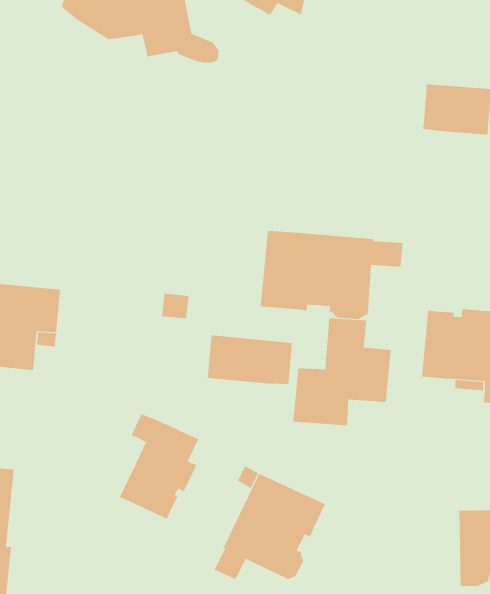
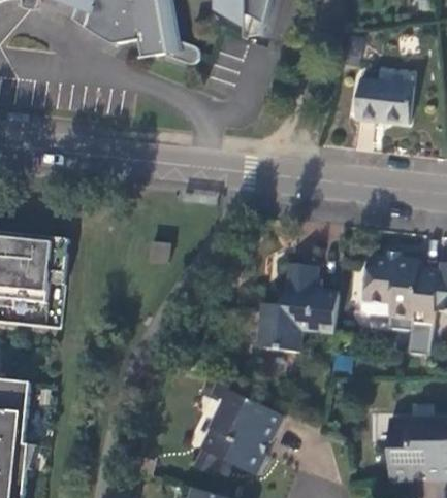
building: [260,230,403,320] -> none
building: [207,335,293,385] -> none
building: [119,413,199,520] -> none

